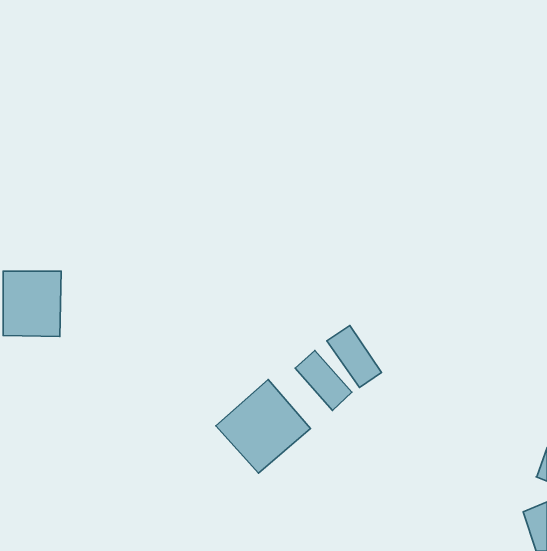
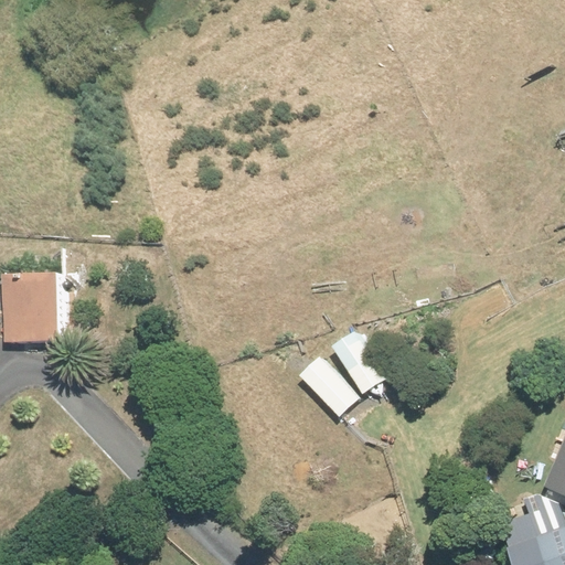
building: [216,379,311,473] -> none

